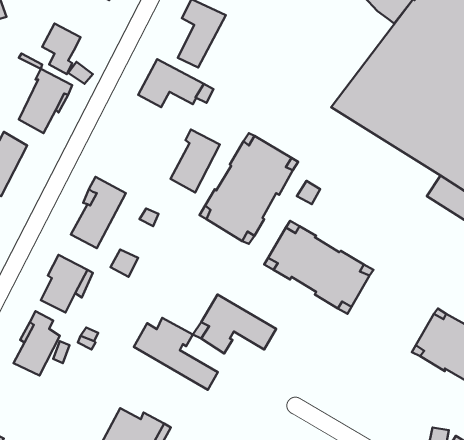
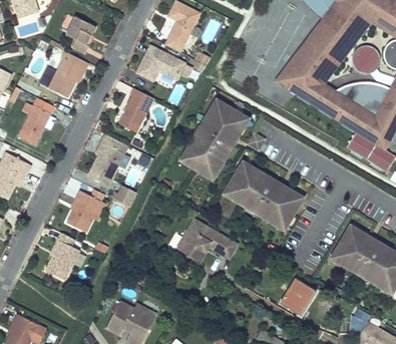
building: [170,129,220,192] -> [117,86,153,132]
building: [134,318,218,390] -> none
building: none -> [280,277,316,315]

